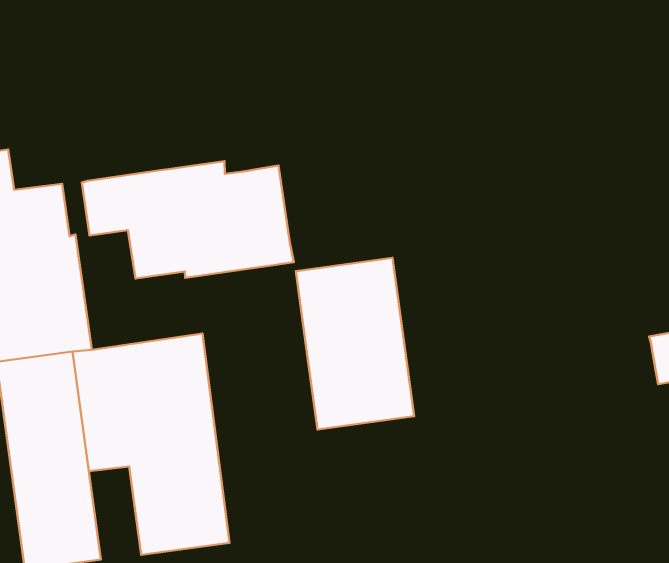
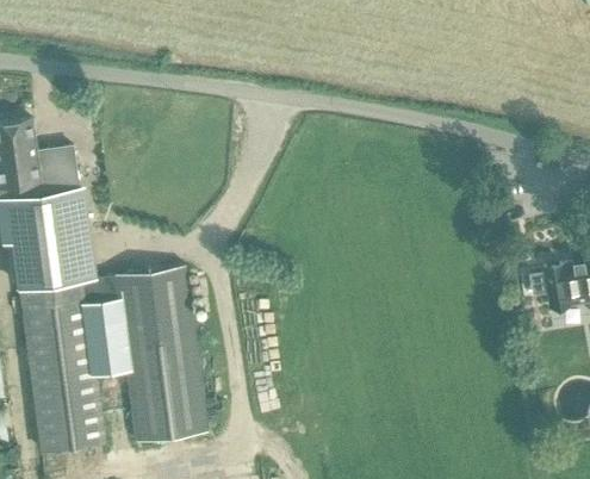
building: [82,161,294,279] -> none
building: [296,258,414,429] -> none

